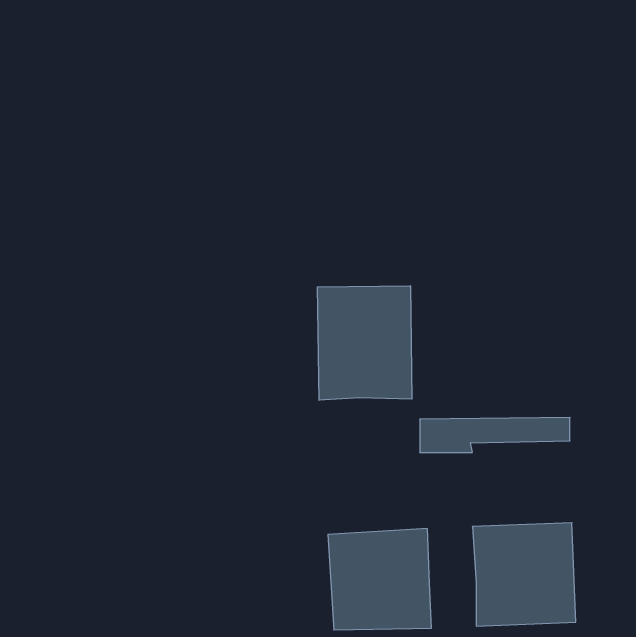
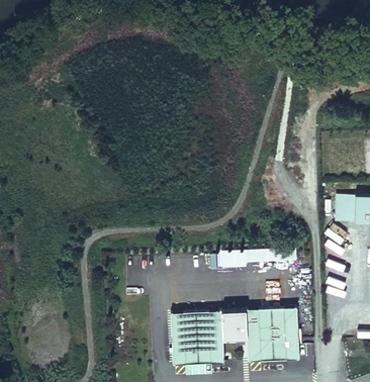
building: [318,286,412,400] -> none
building: none -> [222,309,248,339]

